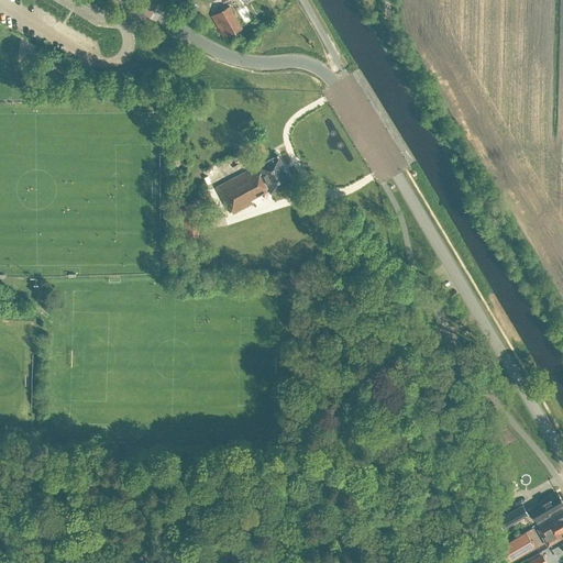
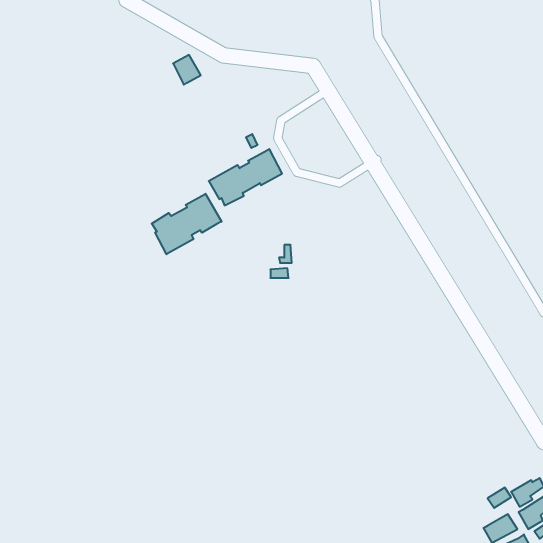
building: [213,8,242,38] -> [173,55,201,85]
building: none -> [152,194,222,254]

